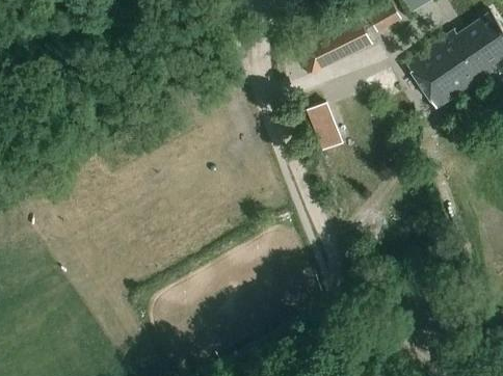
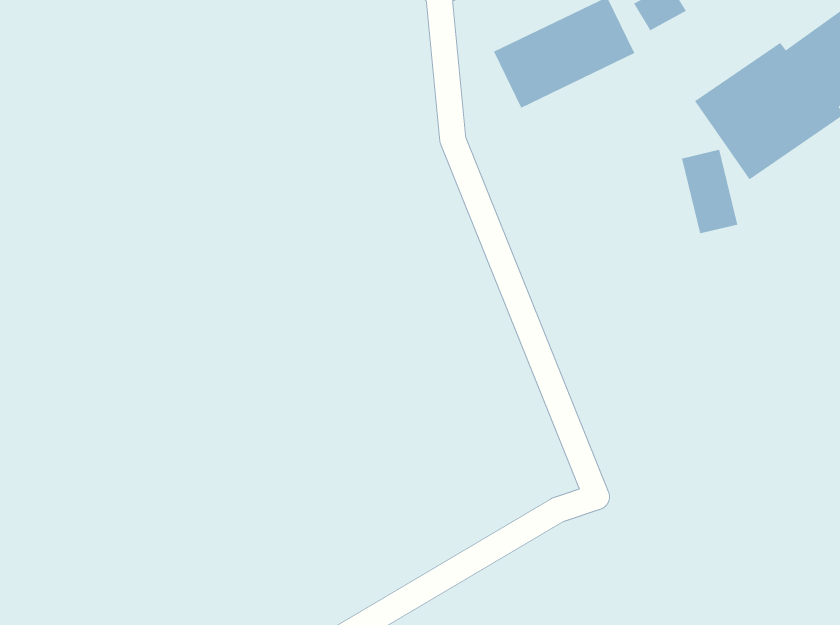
building: [311,99,343,146] -> [681,149,738,234]

